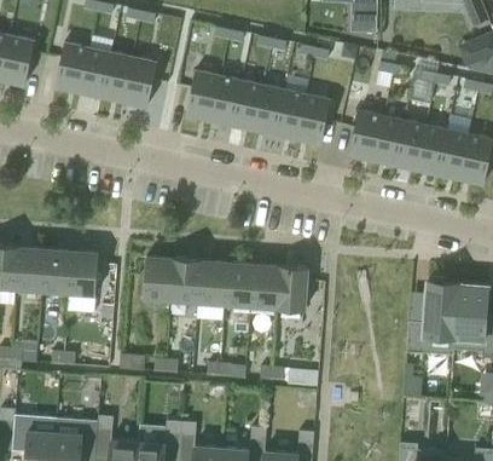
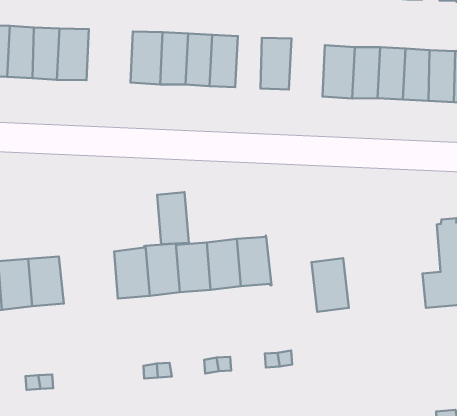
building: [274,90,304,138] -> none
building: none -> [157,192,189,244]
building: [277,265,307,310] -> [311,258,349,312]

